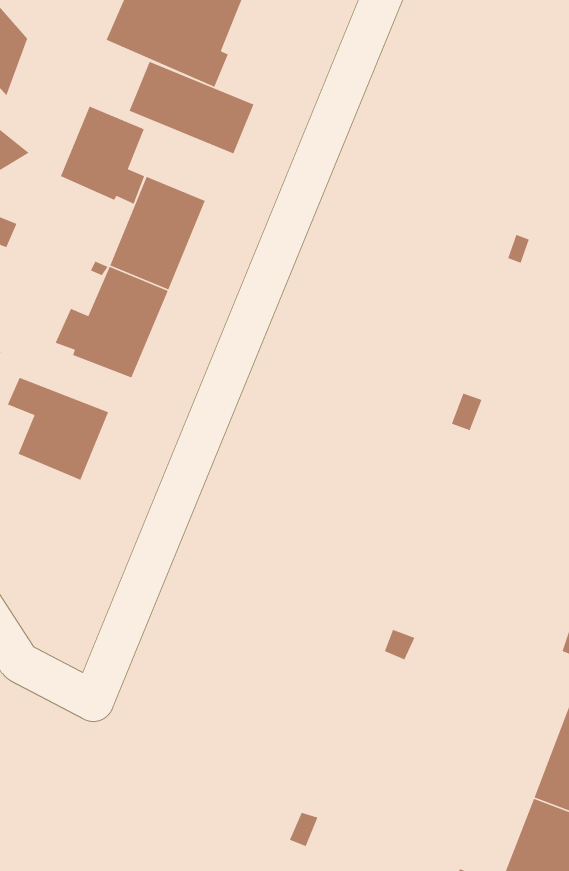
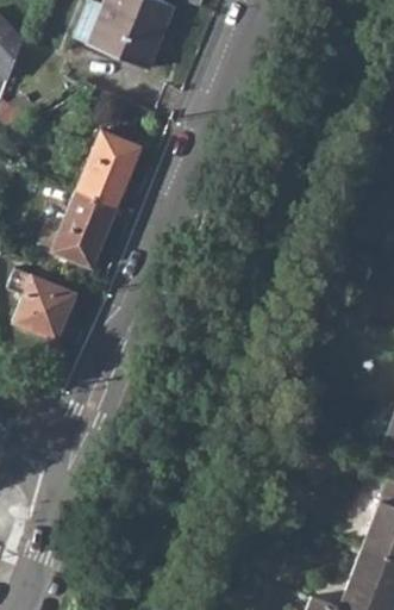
building: [128,61,255,155] -> none
building: [60,105,145,205] -> none

